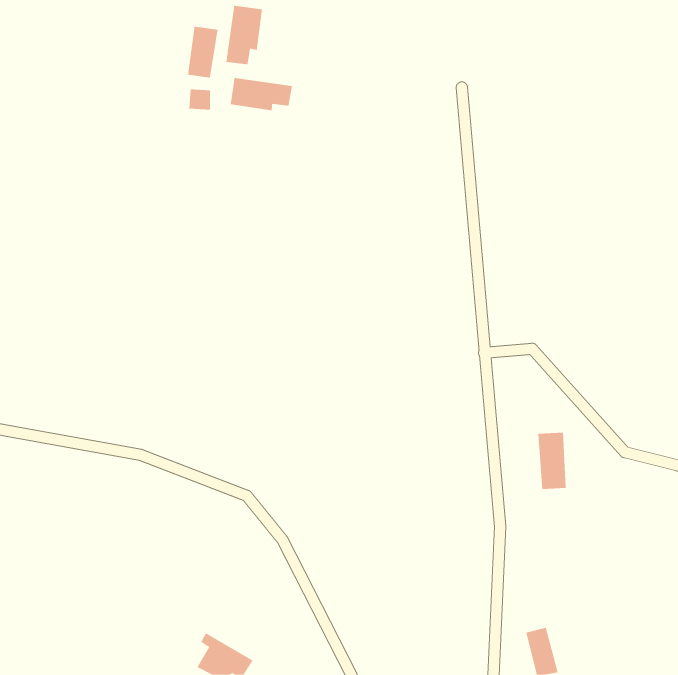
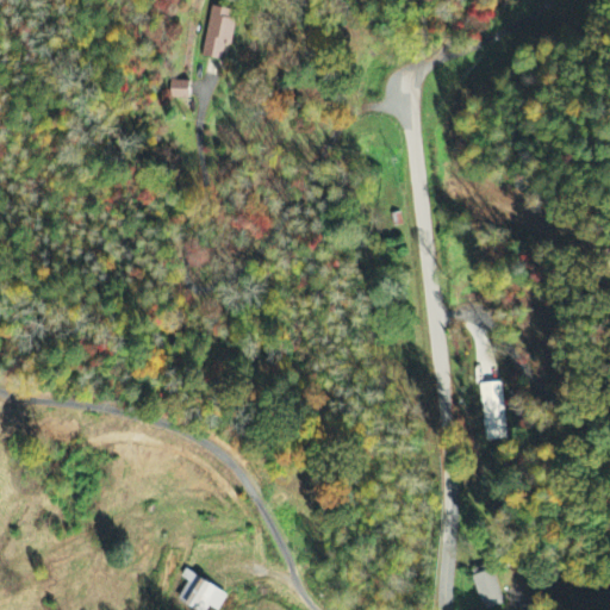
building: [187,26,218,78] -> none
building: [230,77,292,111] -> none

